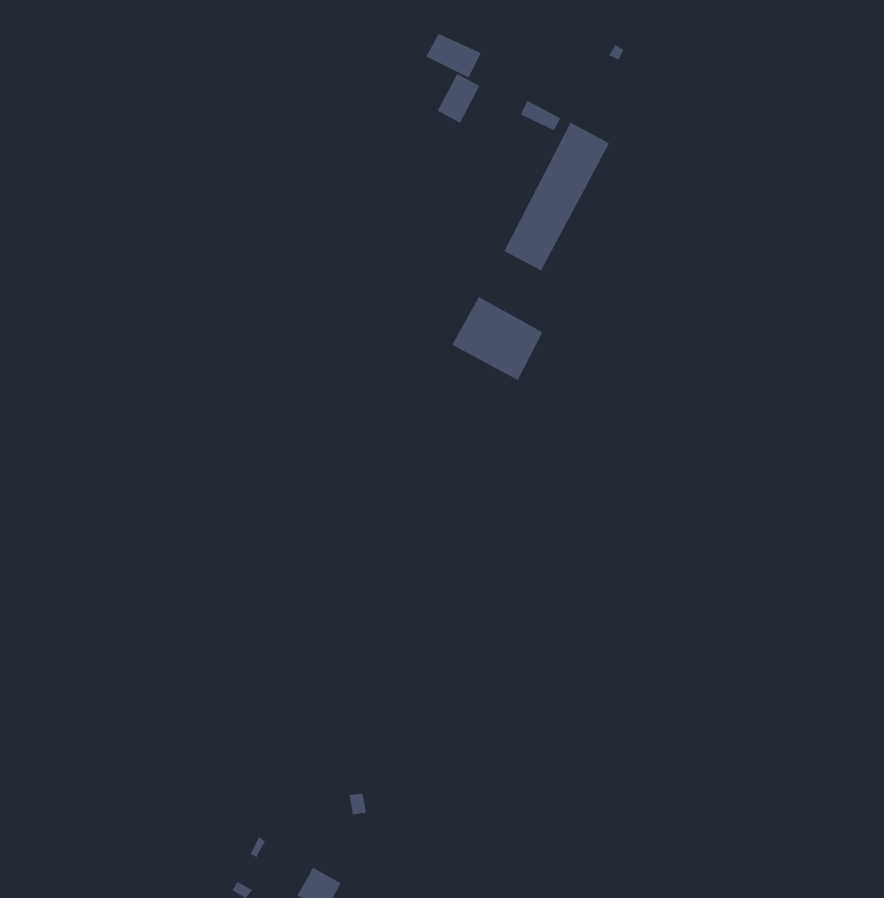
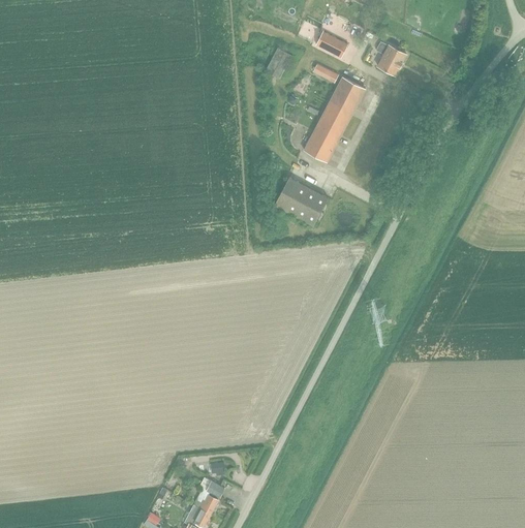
building: [426,33,481,78] -> [315,31,347,57]
building: none -> [376,40,405,73]
building: none -> [199,479,225,513]

